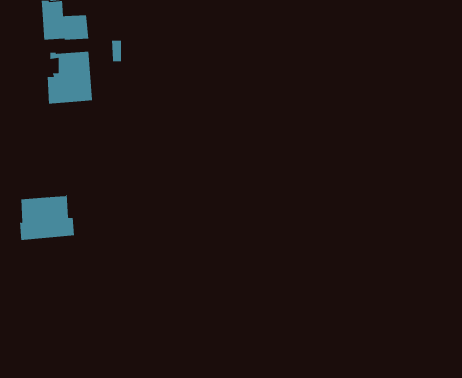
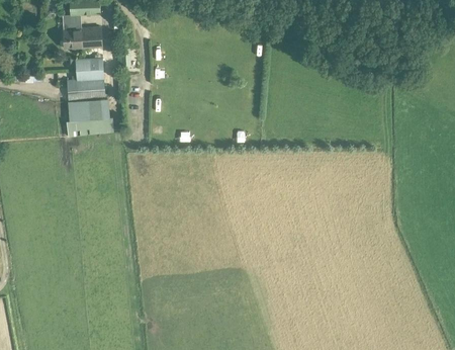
building: [19,194,75,240] -> [67,97,113,136]

